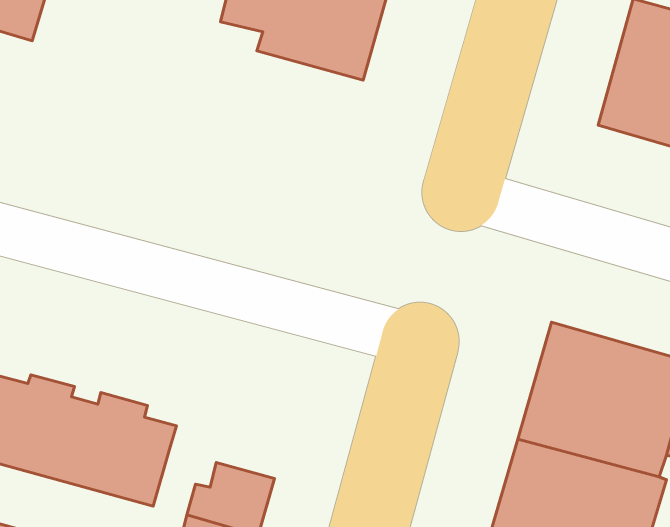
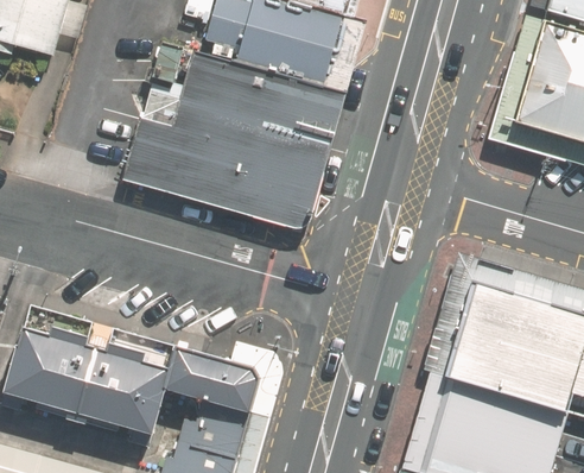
building: none -> [128,52,322,206]
building: none -> [164,345,259,412]

